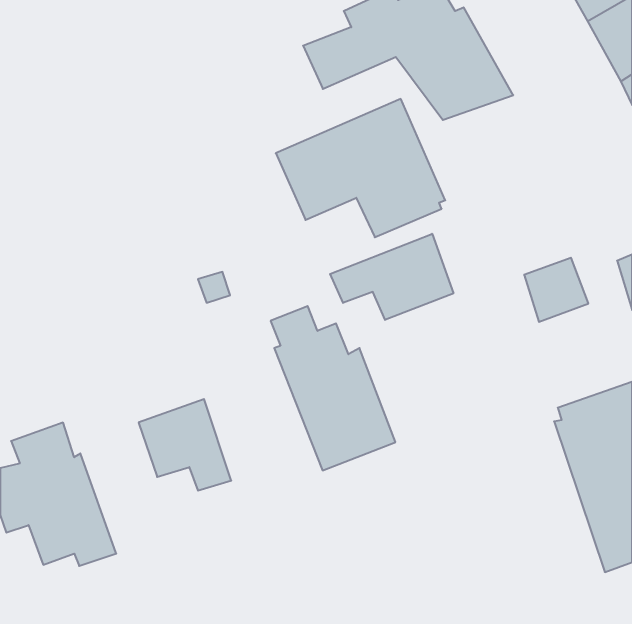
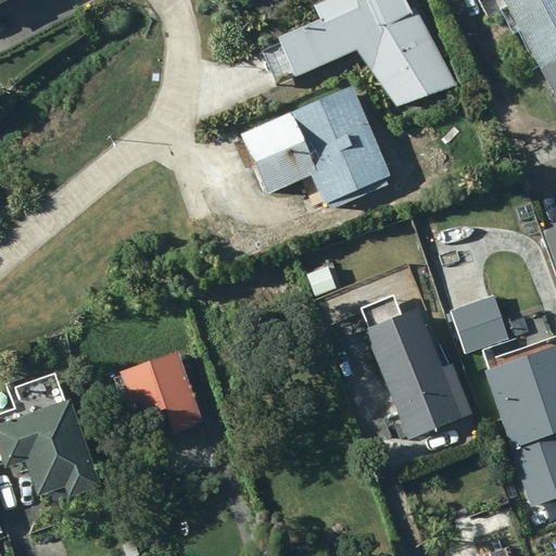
building: [330,234,453,320] -> none
building: [524,258,588,322] -> [452,293,508,350]
building: [271,306,395,470] -> [363,293,472,438]

